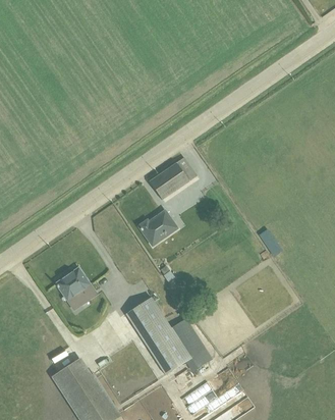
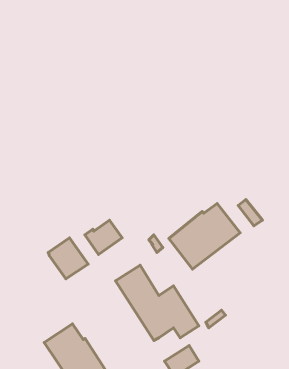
building: [149,156,196,199] -> none
building: [138,210,177,246] -> [85,220,122,255]
building: none -> [169,203,240,269]

